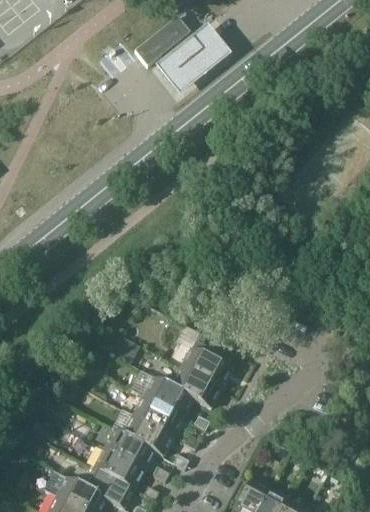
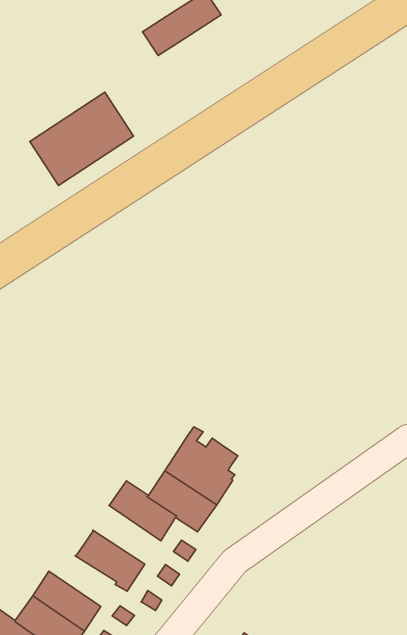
building: [155,25,230,96] -> [30,92,134,186]
building: [132,396,182,436] -> none
building: [103,429,153,470] -> none

